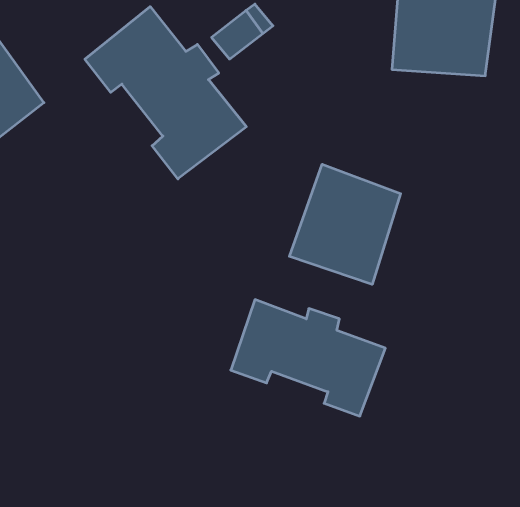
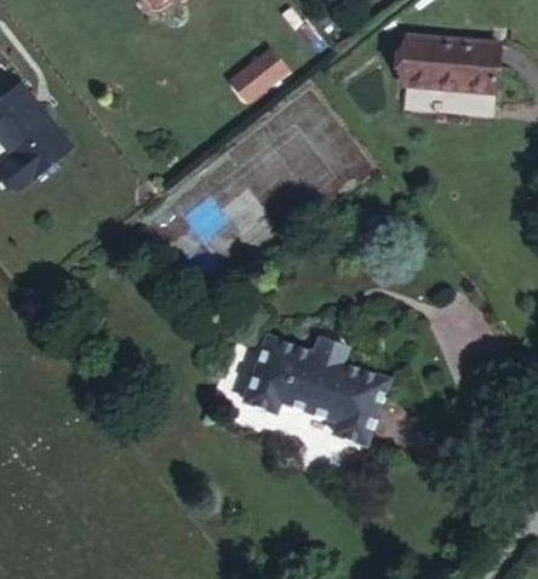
building: [85,7,246,179] -> none
building: [289,164,401,284] -> none

